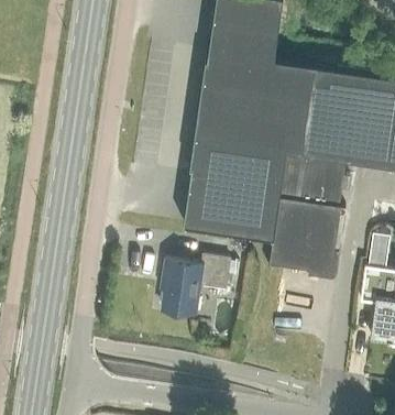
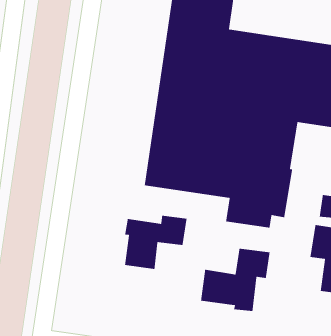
building: none -> [200,248,271,312]

